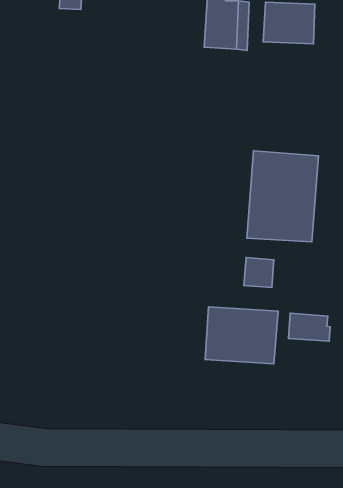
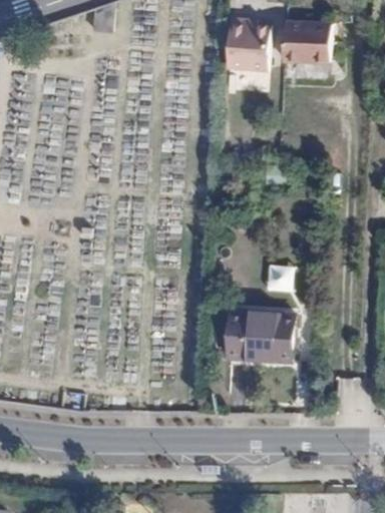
building: [247,151,318,242] -> none
building: [289,313,330,341] -> none

